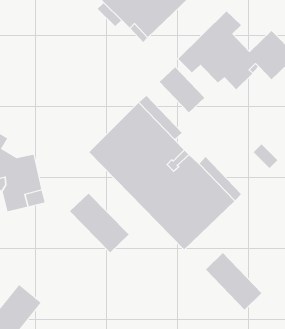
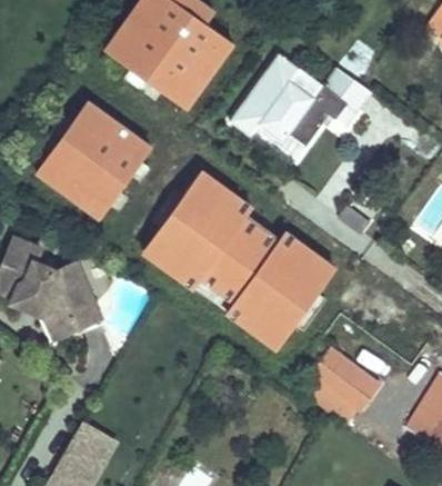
building: none -> [34,99,150,217]
building: [159,66,205,113] -> none
building: [69,193,129,253] -> none

